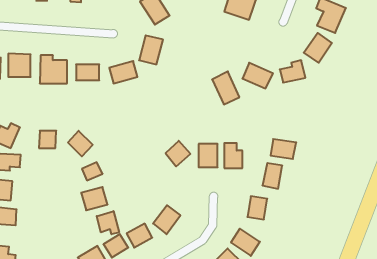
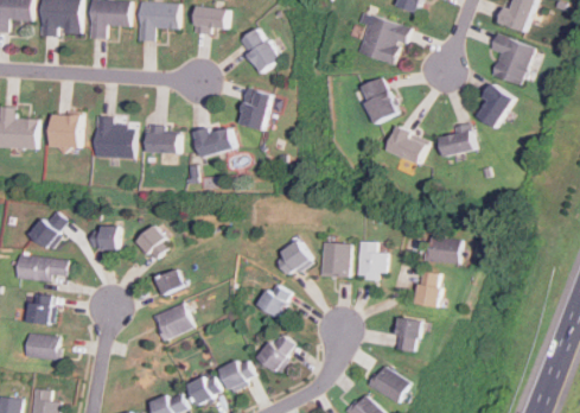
building: [212,71,239,104] -> [358,76,397,123]
building: none -> [256,281,291,318]
building: [97,211,119,234] -> none

